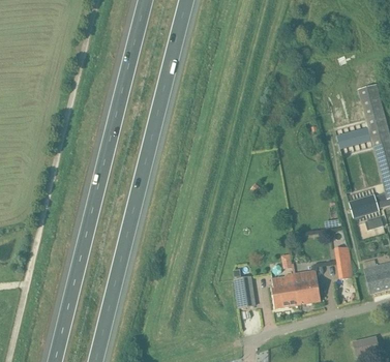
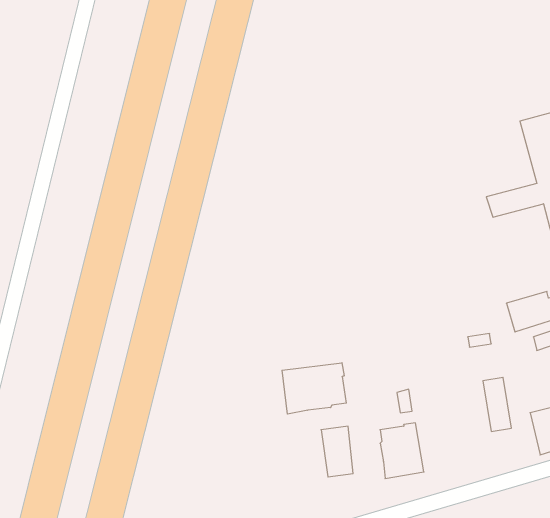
building: none -> [282,363,346,414]
building: [294,270,322,304] -> none

